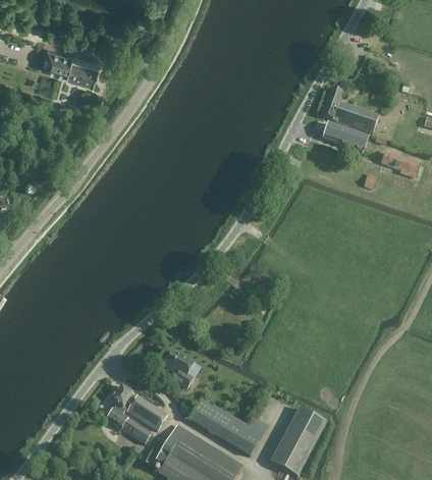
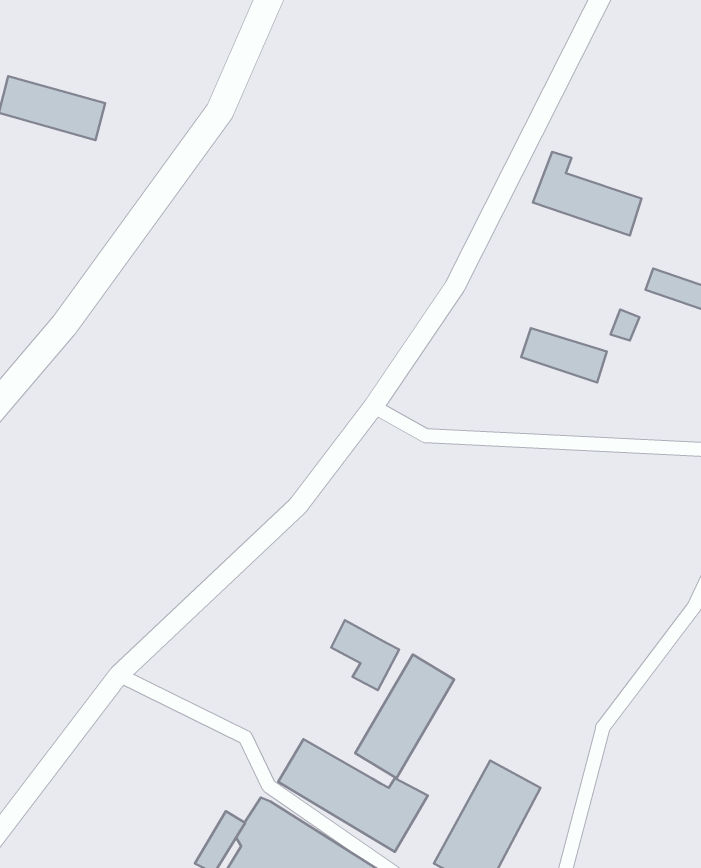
building: [323,122,368,151] -> [521,328,607,383]
building: [161,351,197,387] -> [331,620,399,690]
building: none -> [355,654,454,778]
building: [106,384,166,443] -> none

